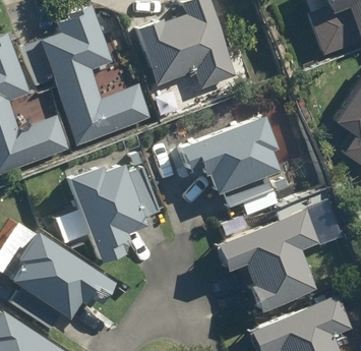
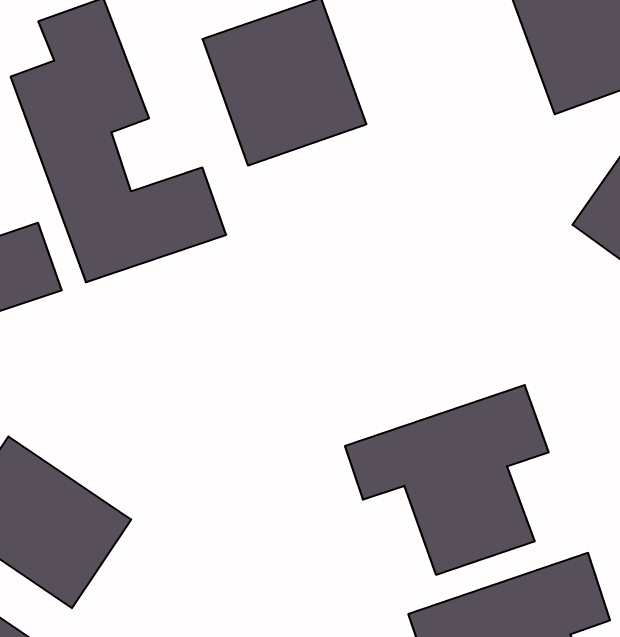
building: [189,116,284,193] -> none
building: [72,156,162,260] -> none

